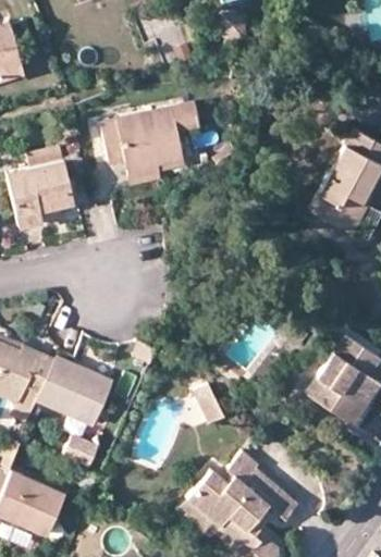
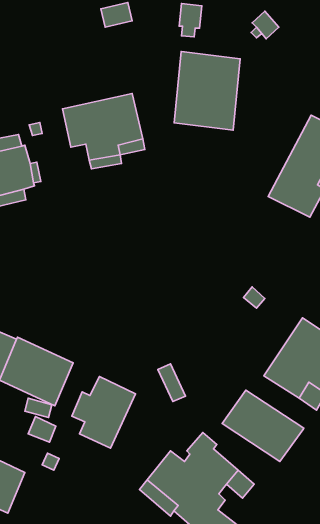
building: none -> [174,51,240,130]
building: none -> [72,376,136,448]
building: none -> [222,390,304,462]

